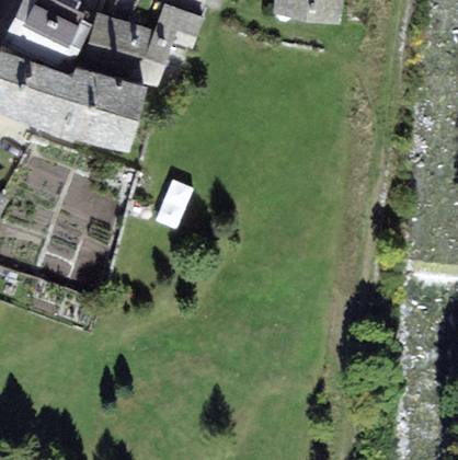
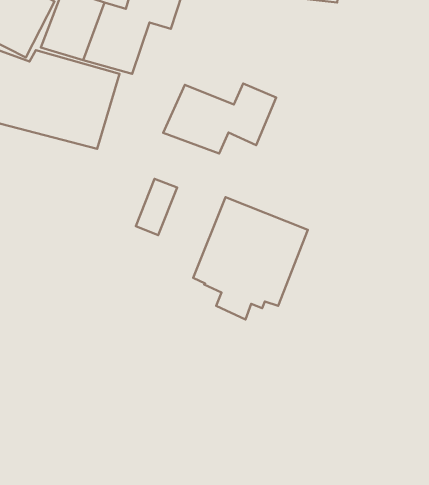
building: none -> [163,84,276,153]
building: none -> [193,197,308,319]

